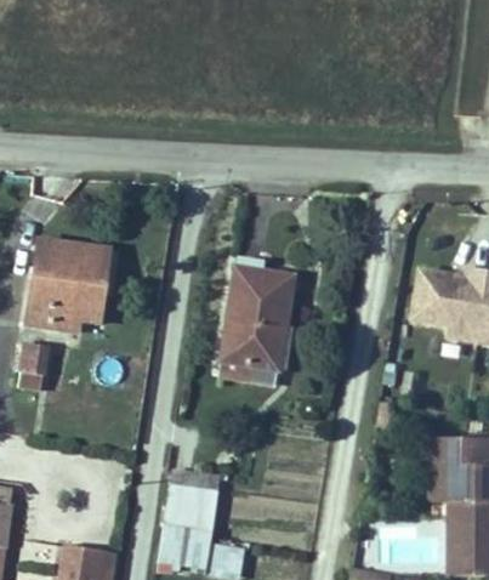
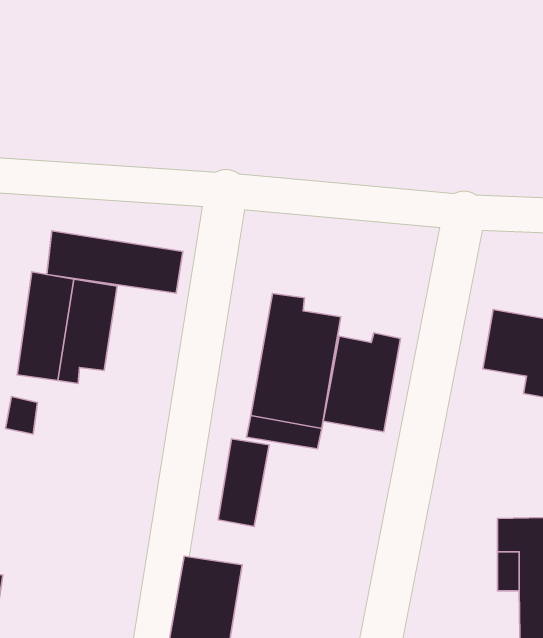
building: none -> [47,231,183,293]
building: none -> [323,333,401,432]
building: none -> [218,439,269,527]

